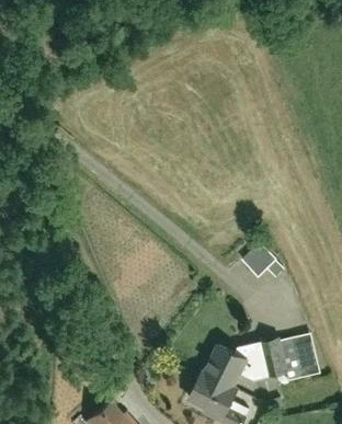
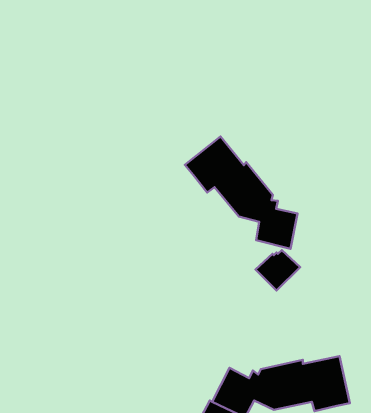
building: none -> [185,137,297,249]

